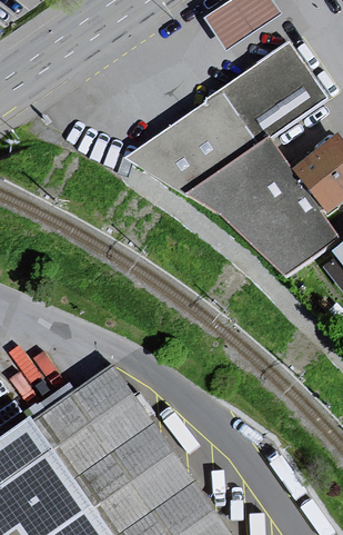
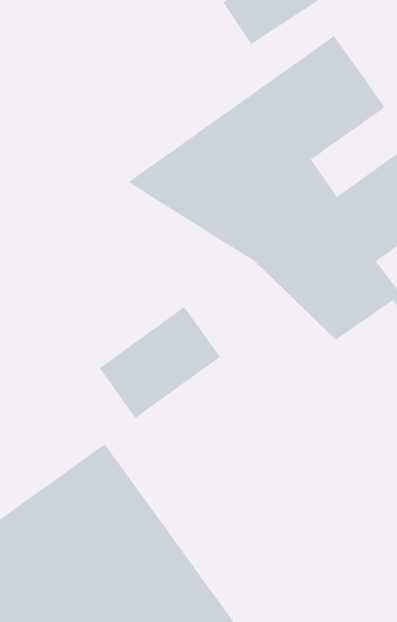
building: none -> [99,306,221,419]

